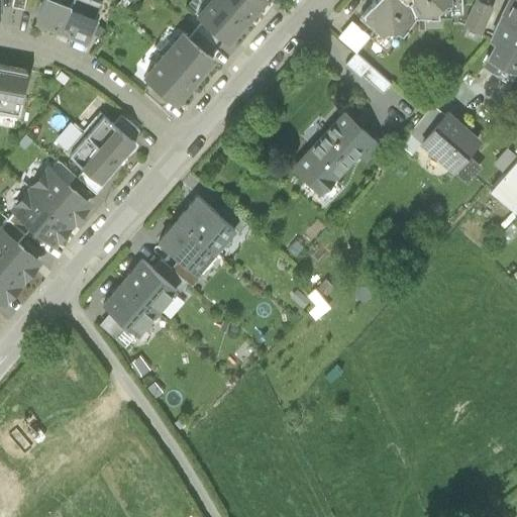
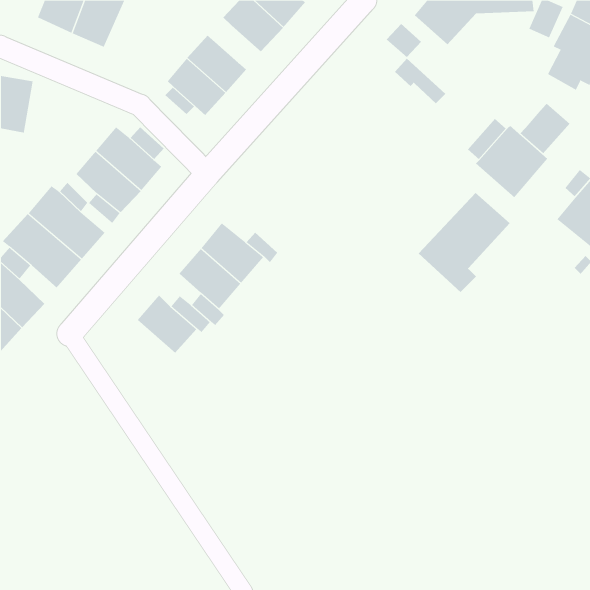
building: [190,24,222,57] -> none
building: none -> [520,103,570,154]
building: [290,113,371,201] -> [418,192,510,293]
building: [101,281,154,333] -> none

